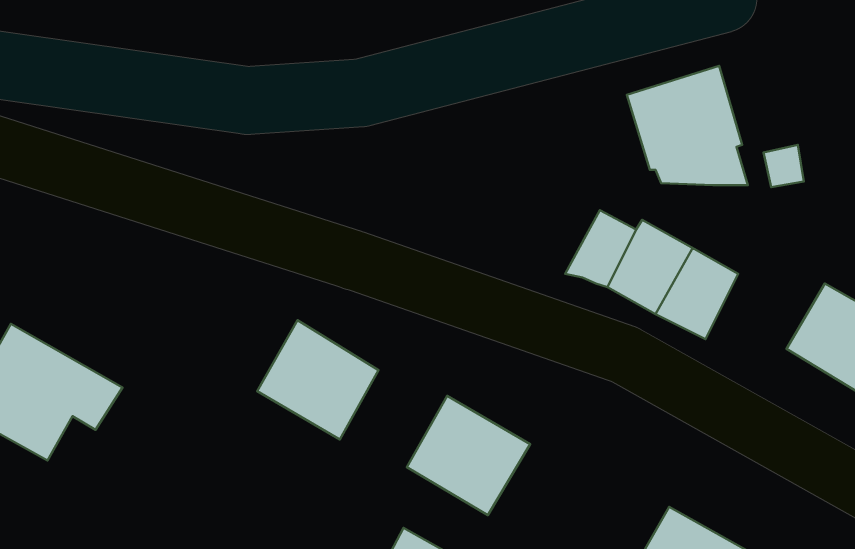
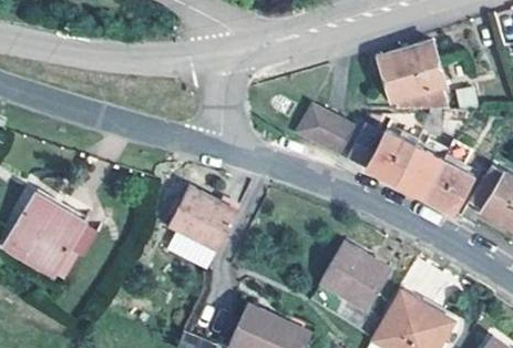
building: none -> [296,103,355,155]
building: none -> [424,139,473,213]
building: [407,396,530,515] -> [320,240,391,309]

